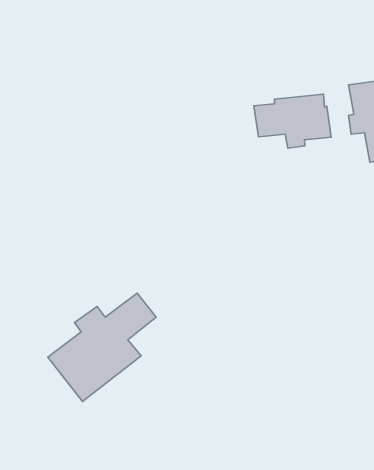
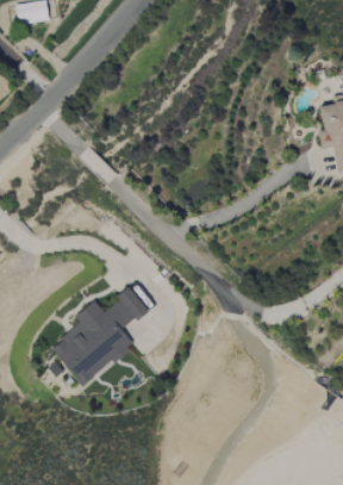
building: [254,94,331,148] -> none

